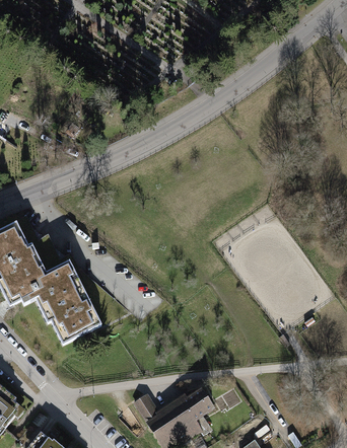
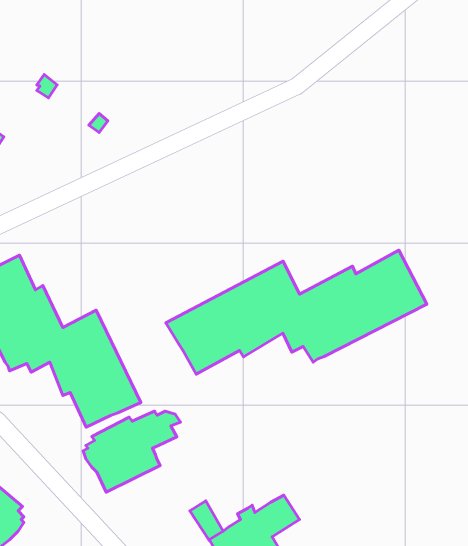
building: none -> [166,250,427,374]
building: none -> [83,411,181,492]

